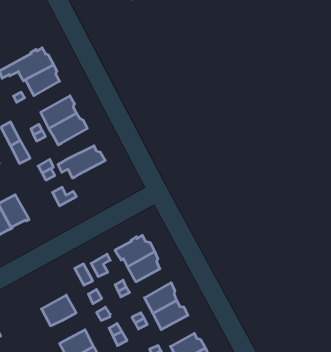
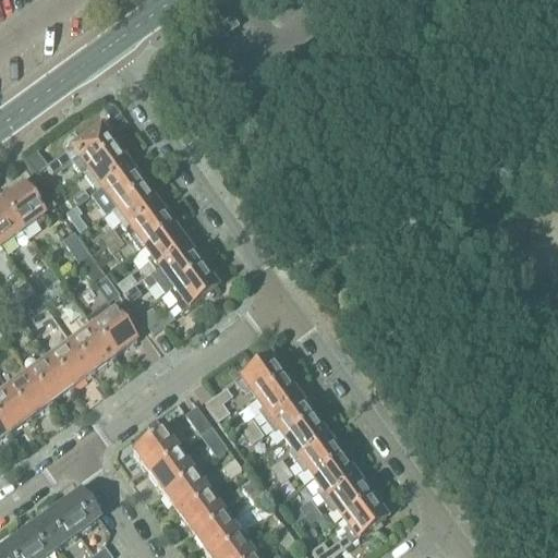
building: none -> [93,165,148,214]
building: none -> [140,222,190,276]
building: none -> [170,262,219,311]
building: none -> [87,298,138,354]
building: none -> [270,396,317,437]
building: none -> [134,426,180,471]
building: none -> [165,470,211,513]
building: none -> [313,452,357,497]

